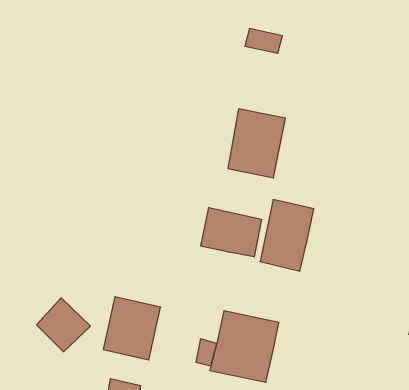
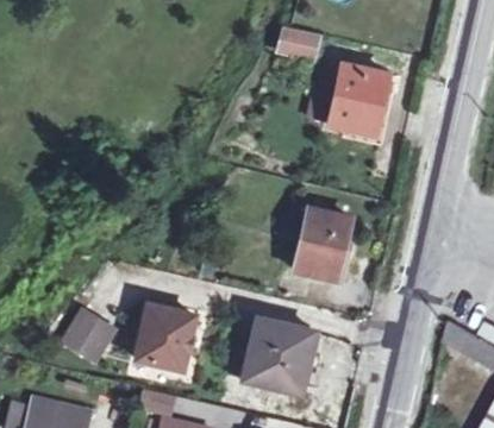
building: [228,109,285,178] -> [330,62,388,132]
building: [201,207,262,257] -> none

